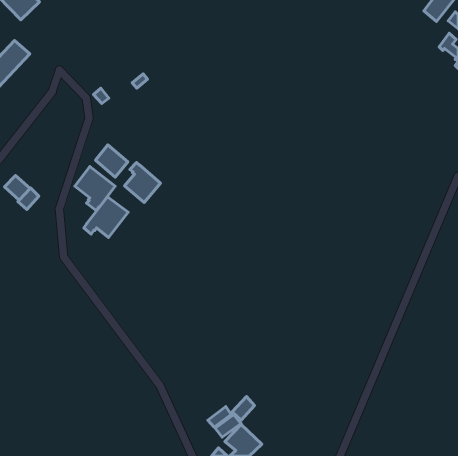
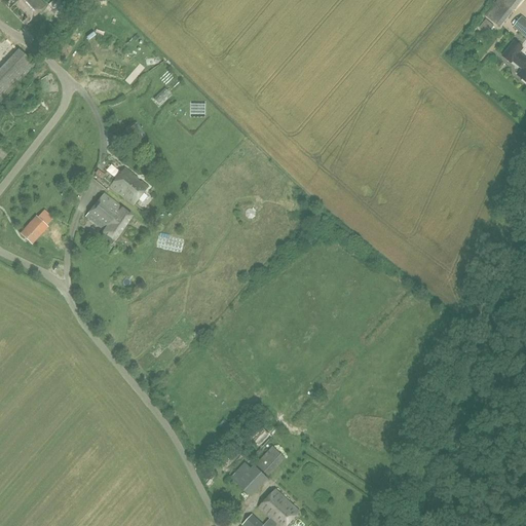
building: [125,163,161,203] -> none
building: [5,175,30,200] -> none
building: [84,197,128,237] -> none

